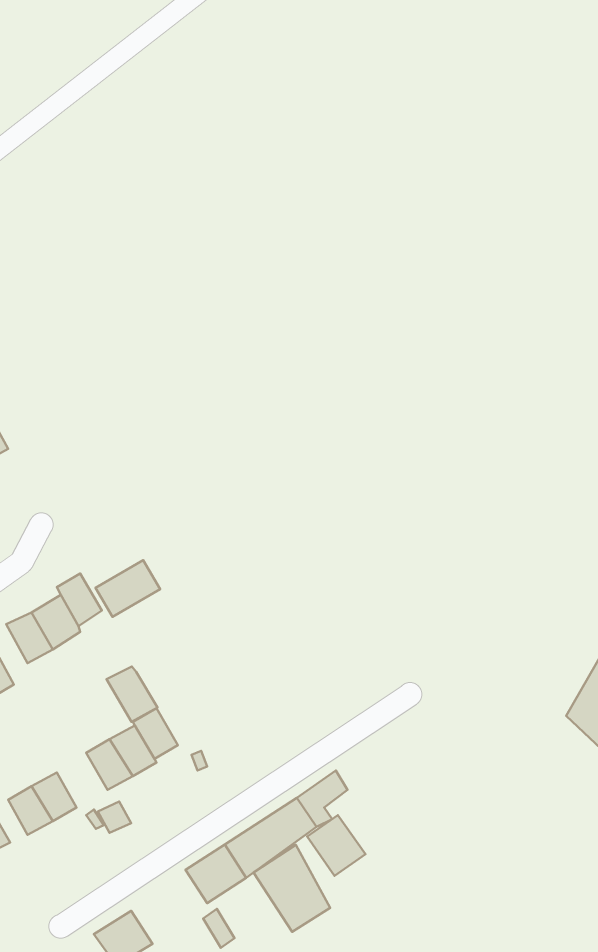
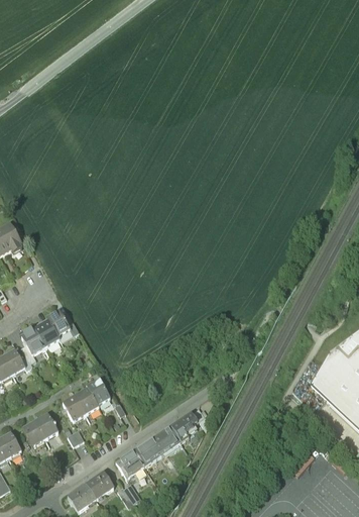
building: [95,560,160,617] -> none
building: [107,666,157,722] -> none
building: [307,815,365,876] -> none
building: [254,845,330,932] -> none
building: none -> [86,471,116,501]

